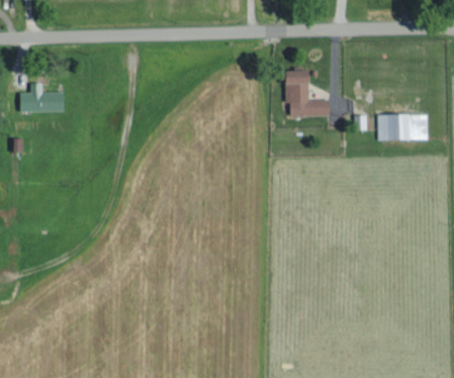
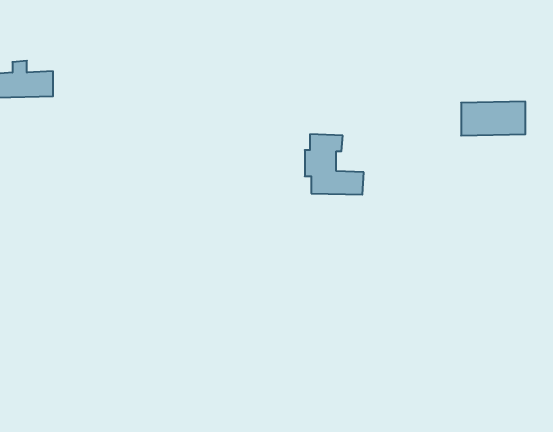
building: [285,71,331,117] -> [305,134,364,195]

